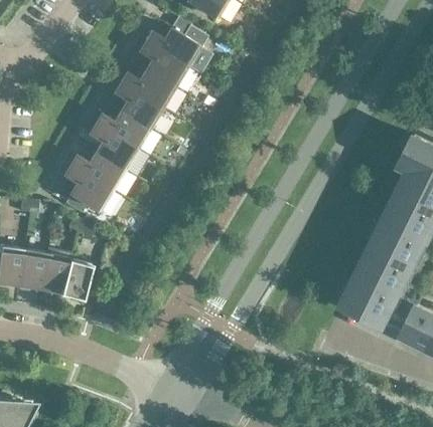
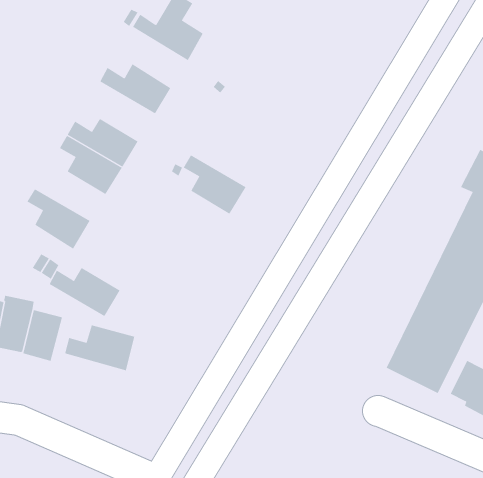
building: [138,42,187,89] -> none
building: [113,84,162,131] -> [183,155,247,214]
building: [68,154,124,192] -> [49,267,120,317]
building: none -> [64,325,135,371]

